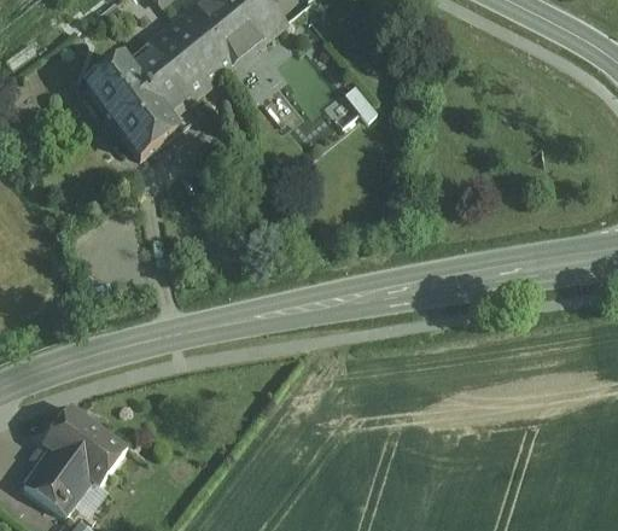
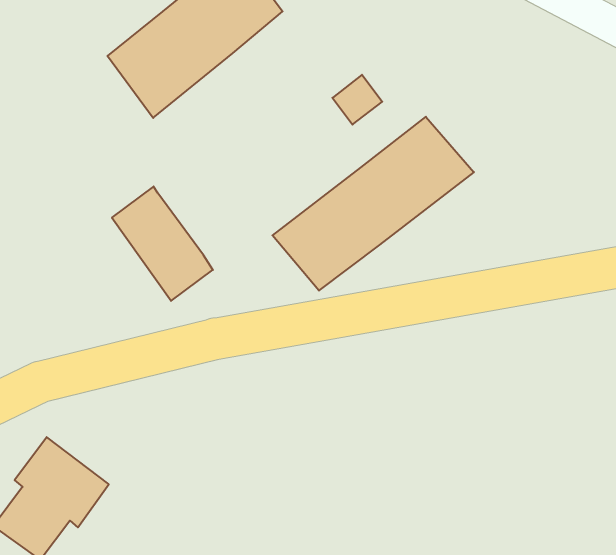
building: [84,54,175,157] -> [112,186,213,301]
building: none -> [272,117,474,291]

